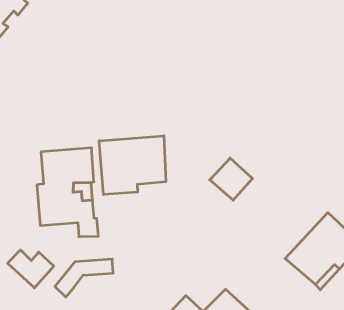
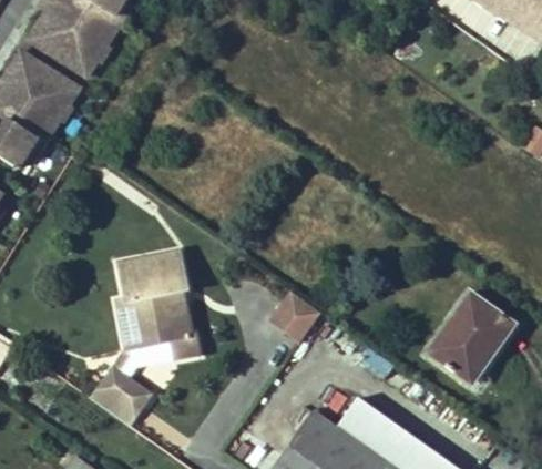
building: [99,136,166,195] -> none
building: [210,158,253,200] -> [269,289,320,339]
building: [55,259,113,297] -> [109,340,176,392]

